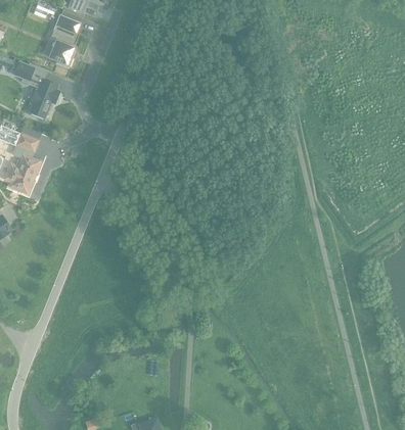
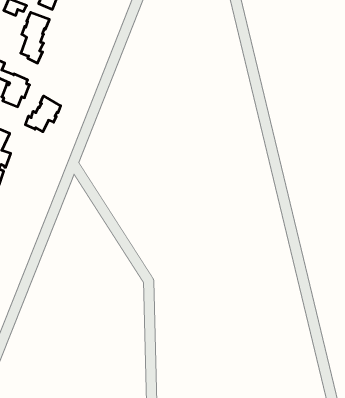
building: none -> [25,96,61,132]

